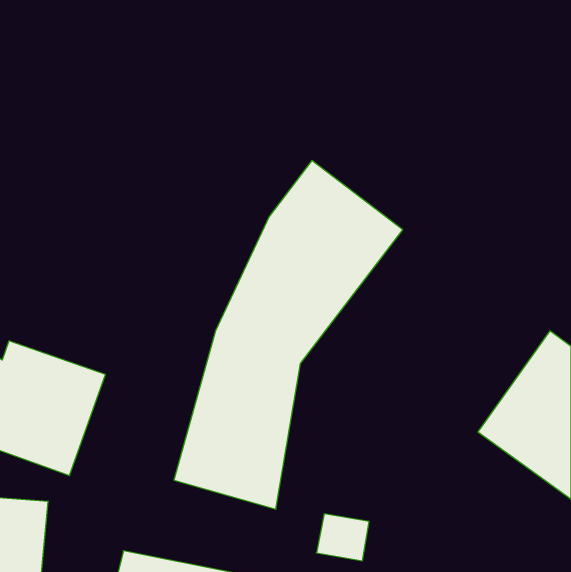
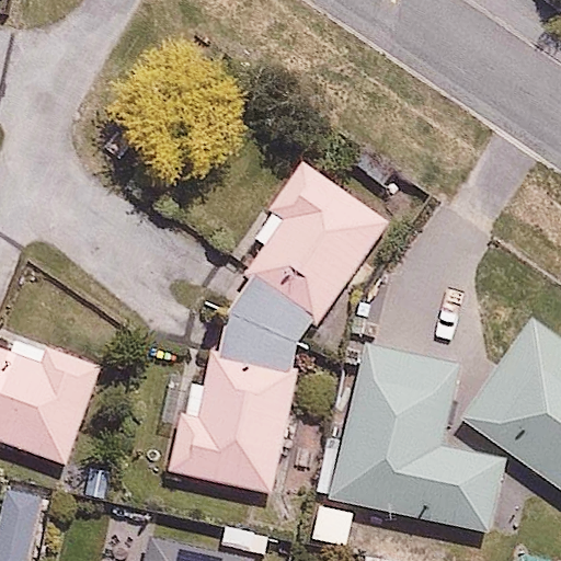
building: none -> [331,358,506,533]

